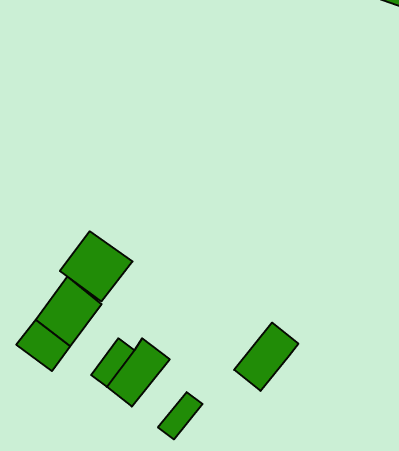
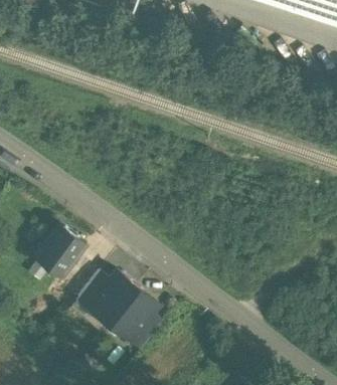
building: [60,231,133,301] -> none
building: [234,323,298,391] -> [109,284,158,337]

